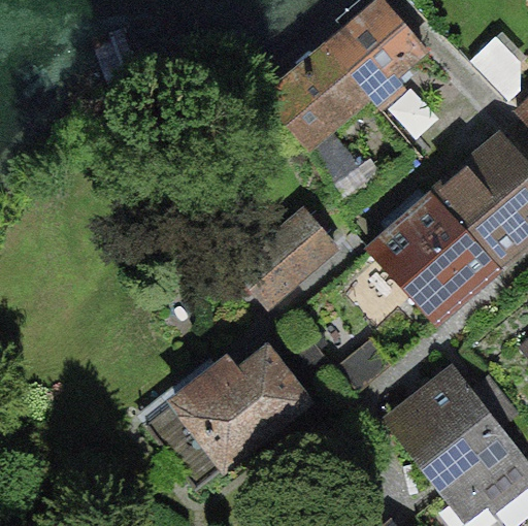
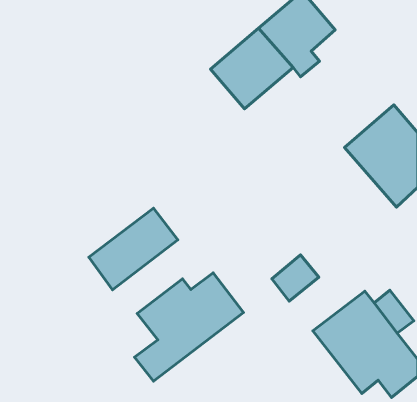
building: [233,195,345,302] -> none
building: [371,195,496,322] -> none
building: none -> [89,208,178,290]

